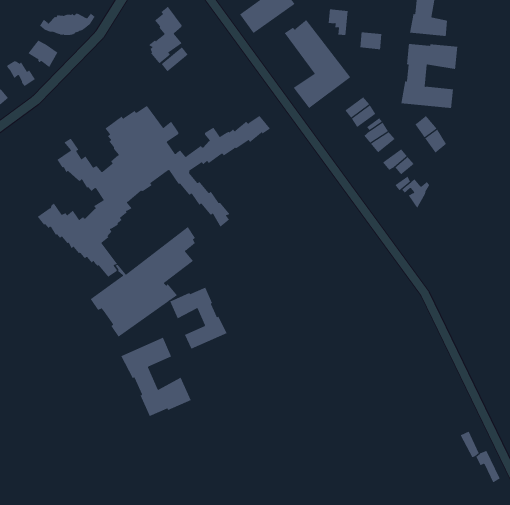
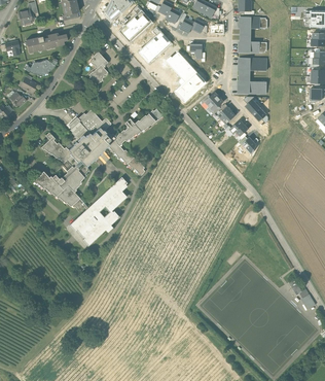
building: [169,287,228,350] -> none
building: [121,337,191,417] -> none

